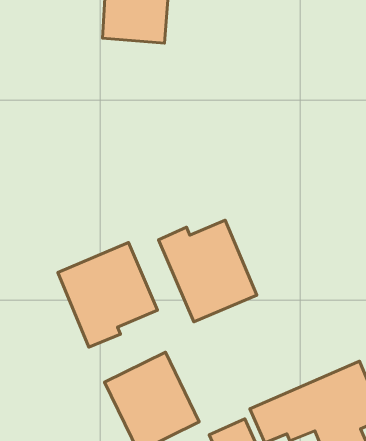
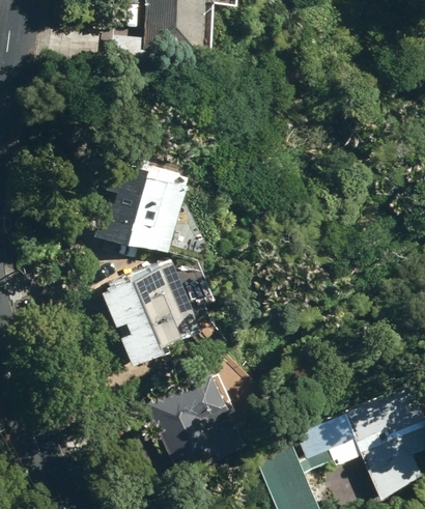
building: none -> [92,158,186,254]
building: [159,220,257,322] -> none

